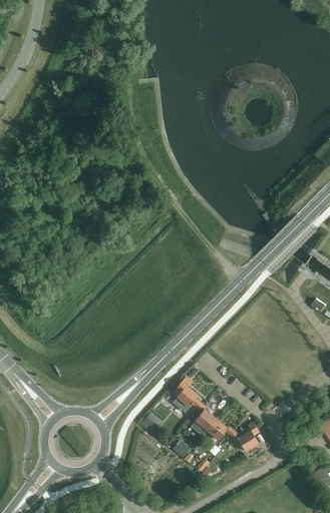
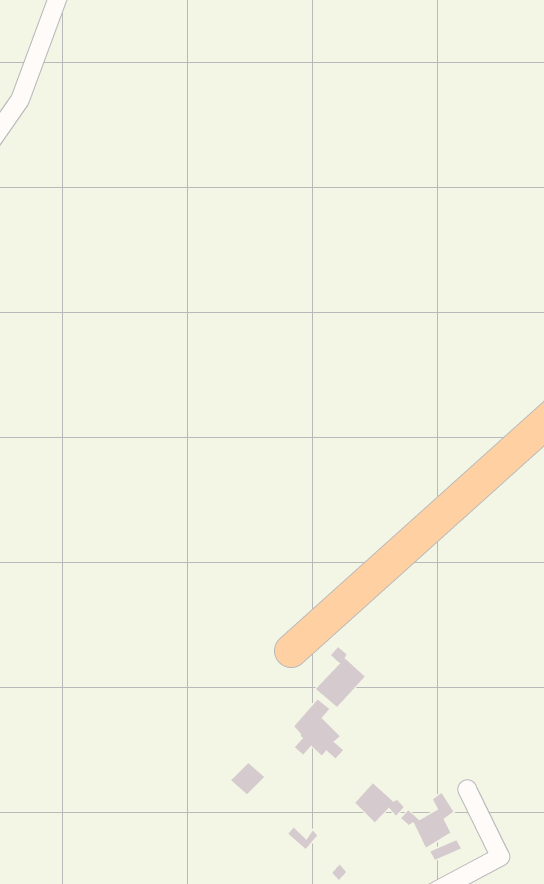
building: [191,404,217,436] -> [315,646,366,708]

